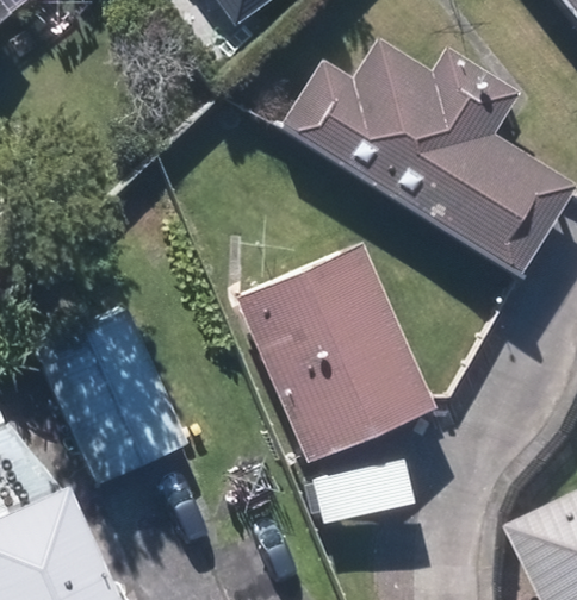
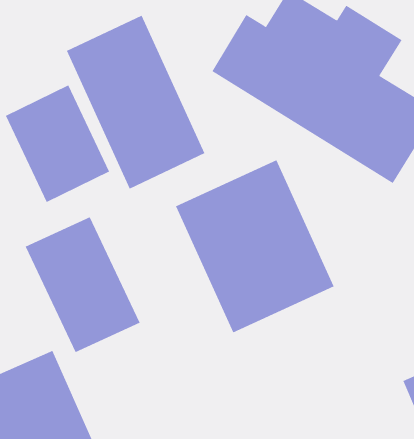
building: none -> [66,15,205,189]
building: none -> [5,85,110,203]

